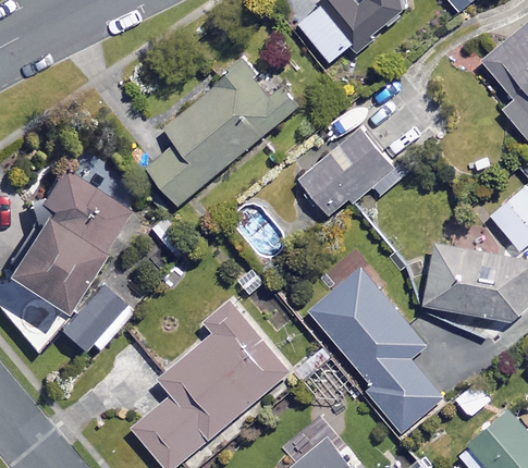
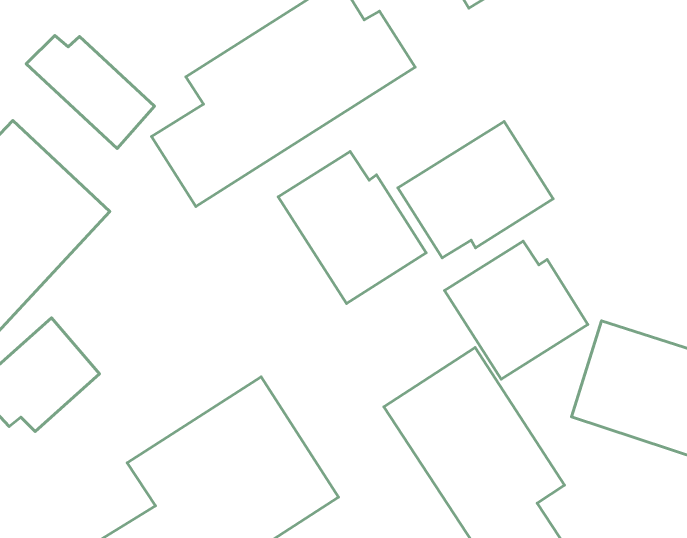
building: none -> [26,36,154,149]
building: none -> [278,152,426,303]
building: none -> [445,241,588,379]

